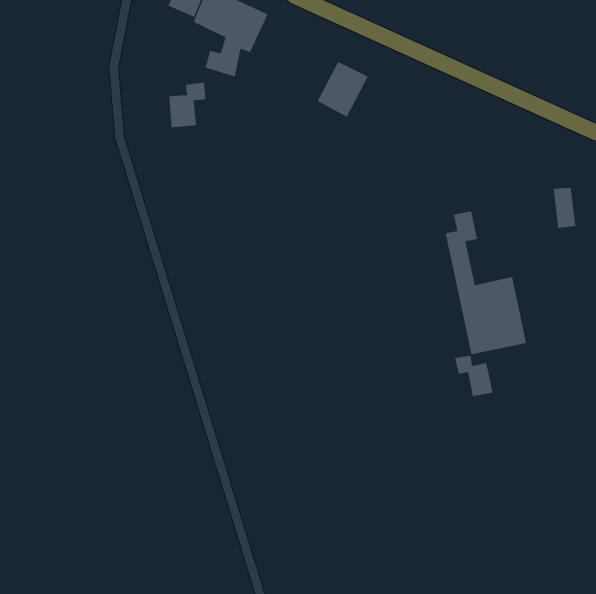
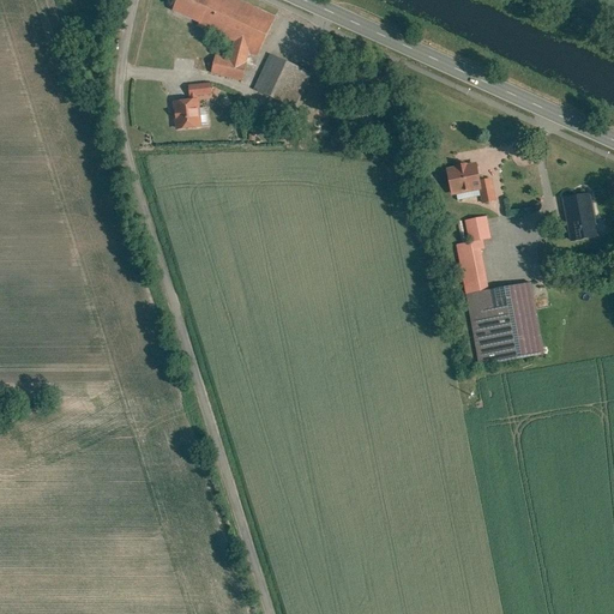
building: [317,61,368,117] -> [253,54,306,112]
building: none -> [451,163,495,205]
building: [455,355,493,397] -> none

